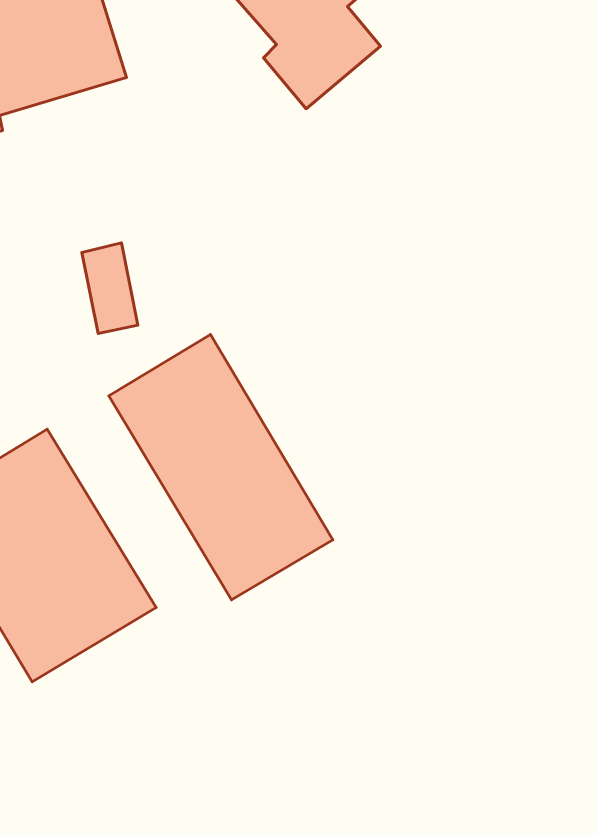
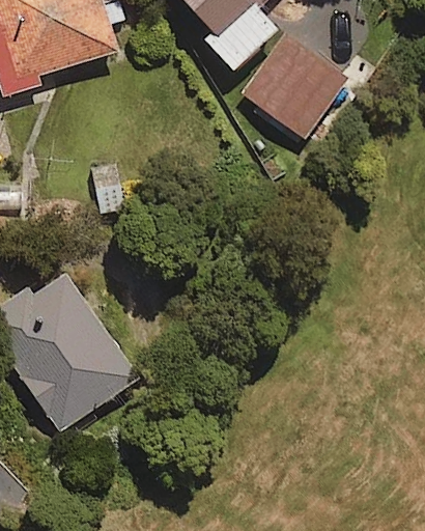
building: none -> [243,34,346,138]
building: [109,334,333,600] -> none

